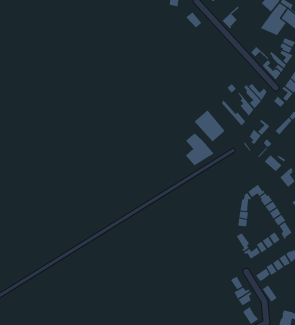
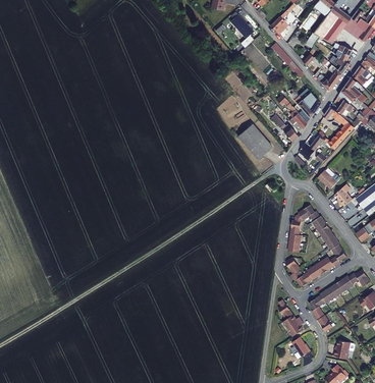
building: [185,133,214,166] -> none

